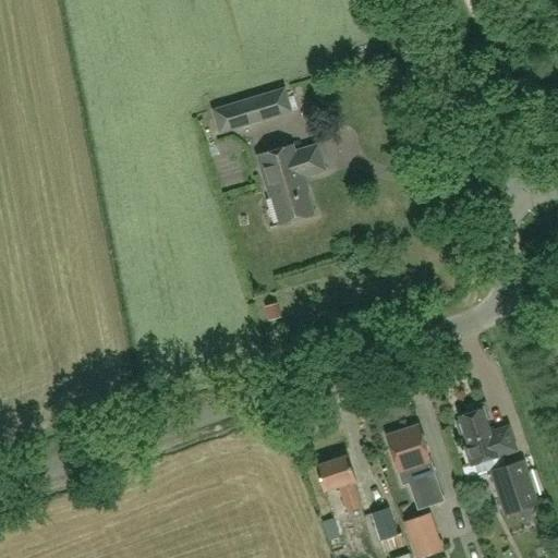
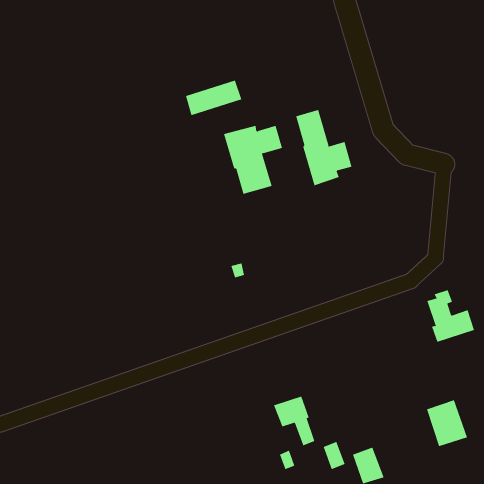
building: none -> [295,109,352,186]
building: [460,402,515,463] -> [426,289,475,343]
building: [387,425,444,509] -> none

